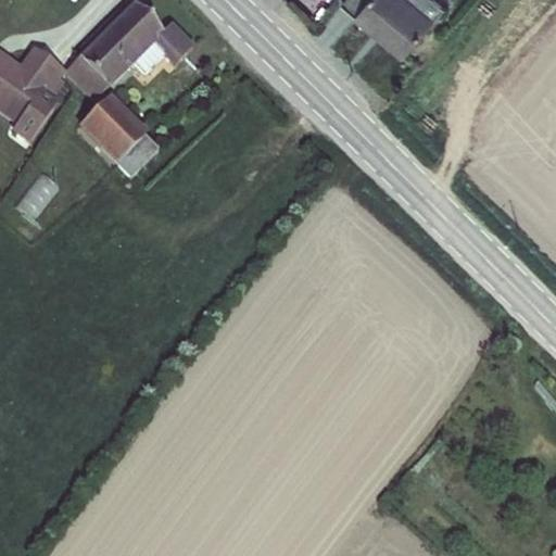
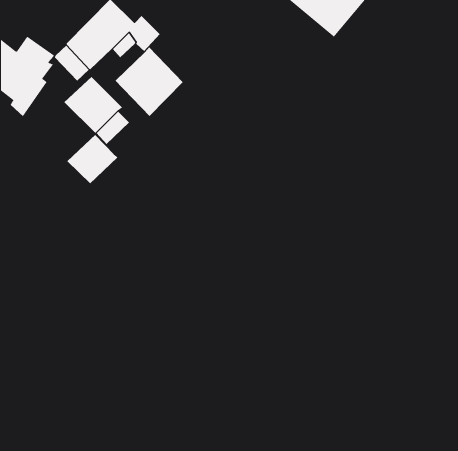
building: none -> [114,47,183,117]
building: none -> [67,134,118,184]

